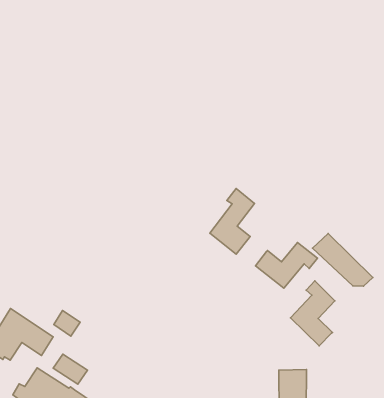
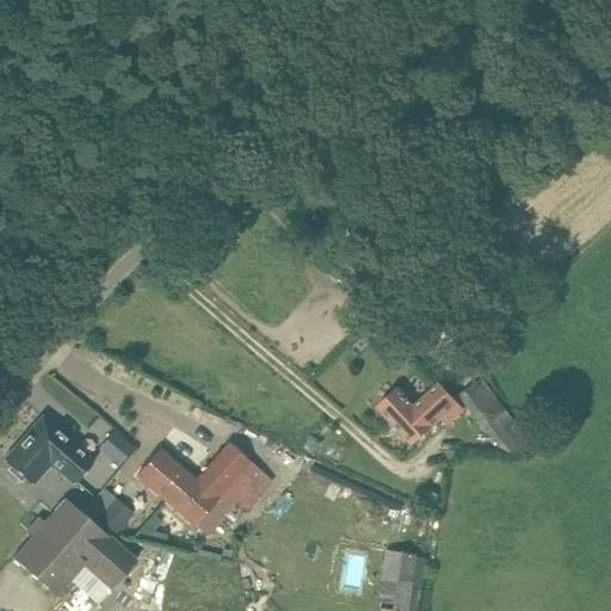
building: [210,188,255,254] -> none
building: [291,281,335,346] -> none
building: none -> [138,443,266,525]

